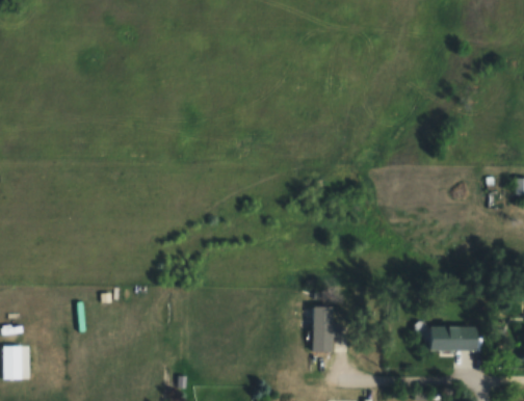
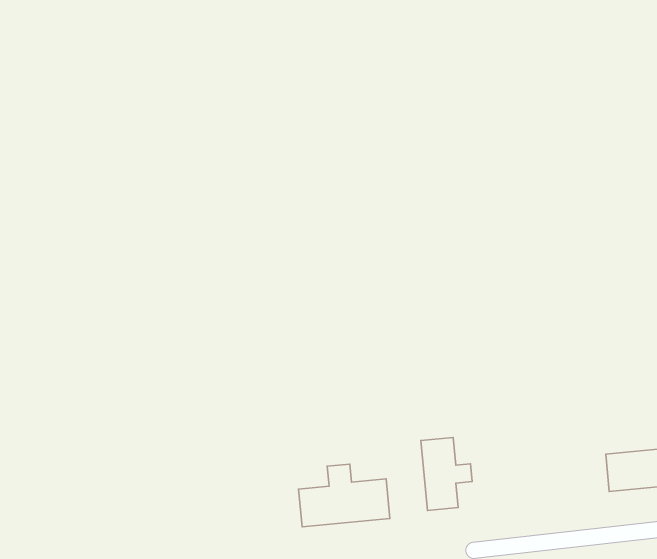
building: none -> [298,464,390,527]

